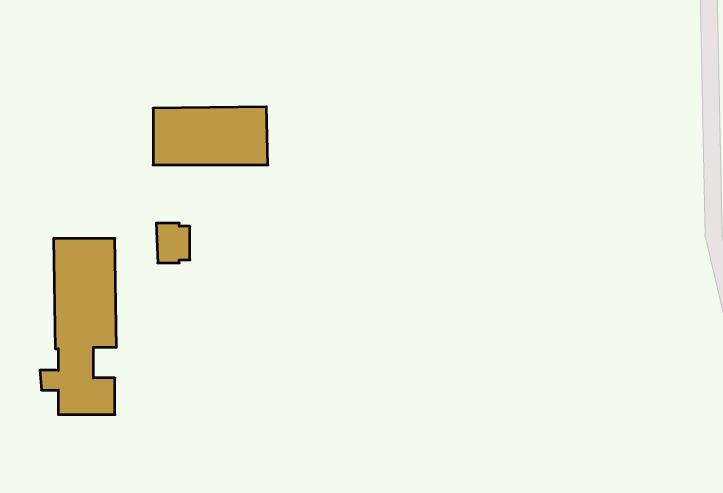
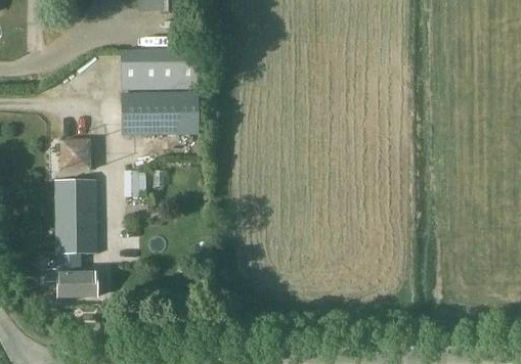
building: none -> [121,49,197,89]
building: none -> [61,140,90,169]

